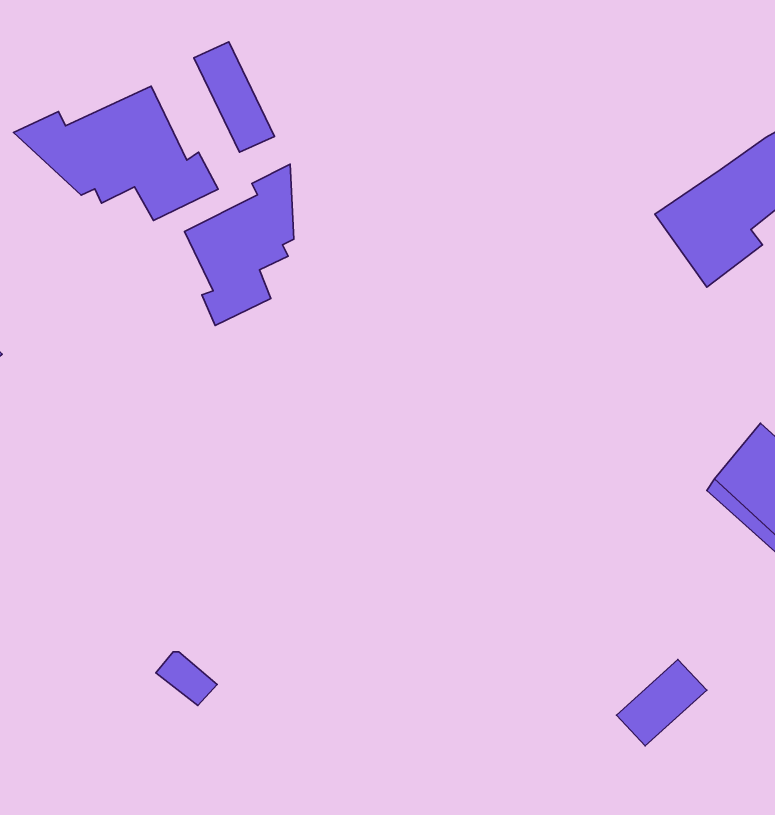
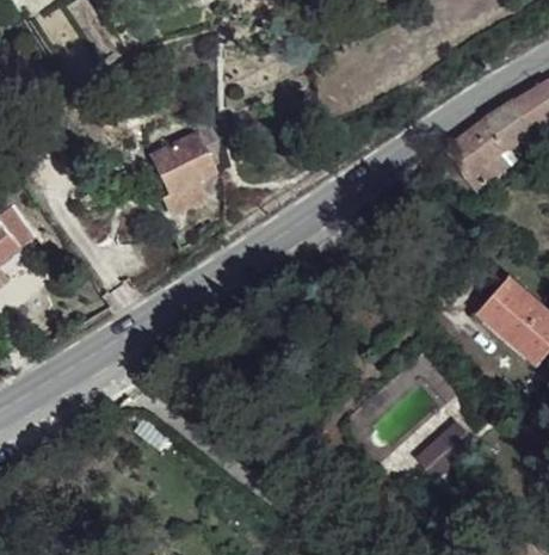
building: [194,42,274,152] -> none
building: [13,86,218,220] -> none

